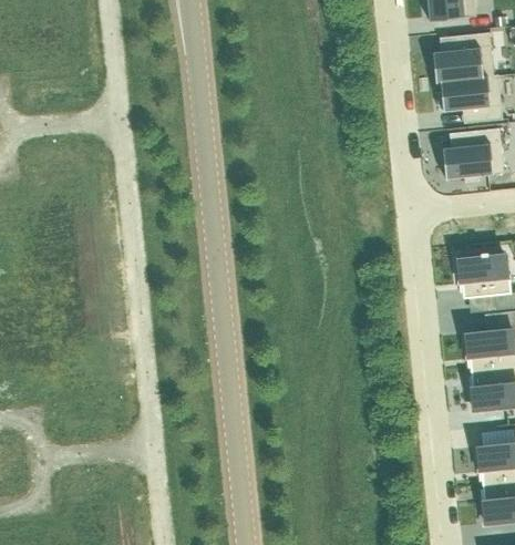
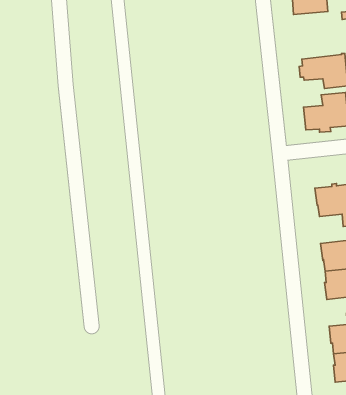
building: [432,32,494,83] -> none

